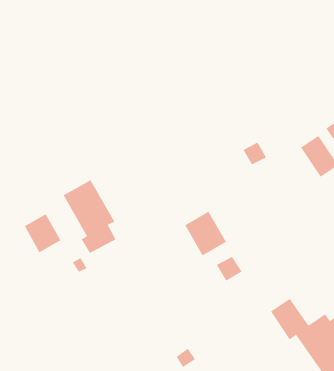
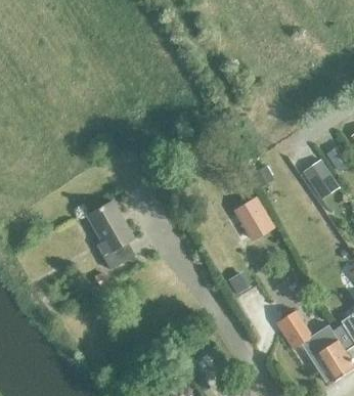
building: [185,211,227,256] -> [234,199,273,240]
building: [24,213,61,253] -> none

